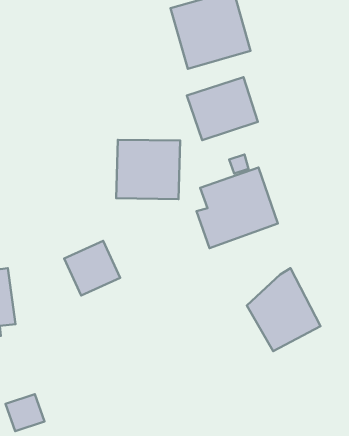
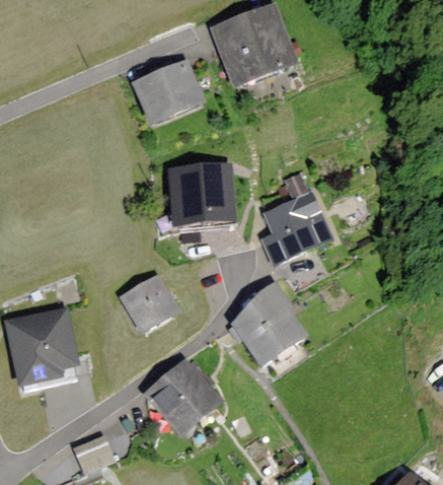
building: [187,77,258,140] -> [131,57,206,125]
building: [247,268,321,351] -> [231,280,308,366]
building: none -> [141,357,220,436]

